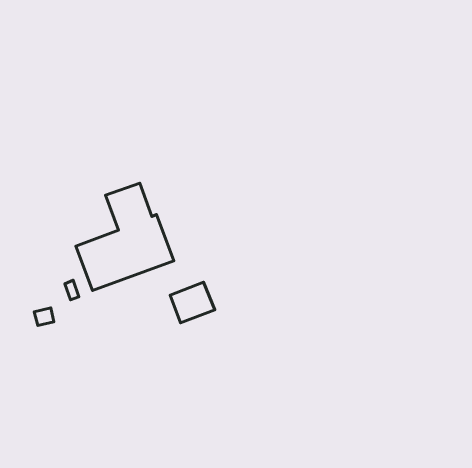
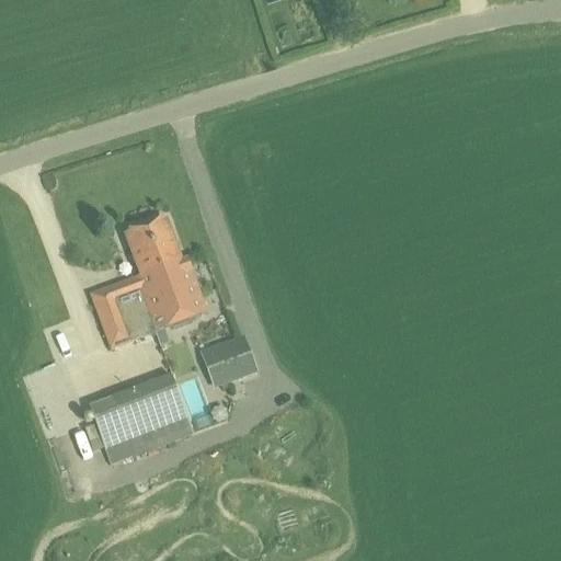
building: none -> [87,373,193,462]

